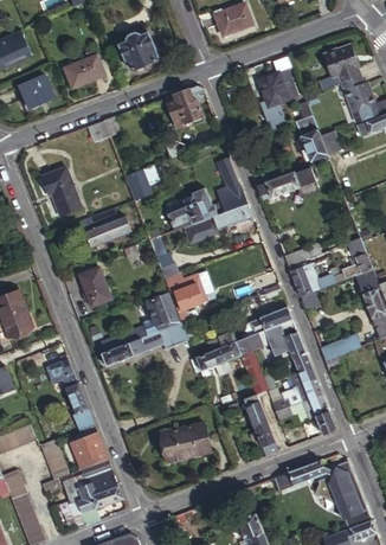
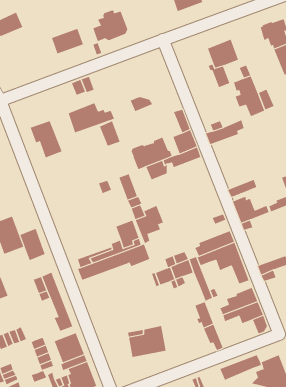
building: [20,77,56,108] -> none
building: [169,90,206,128] -> none
building: [82,209,140,246] -> [68,102,115,133]
building: [78,267,110,307] -> [20,228,46,261]

